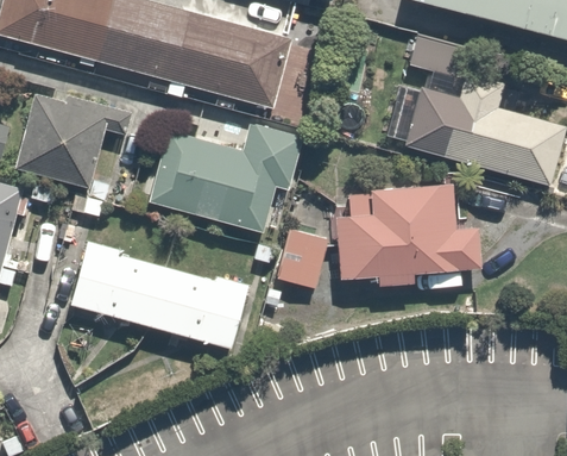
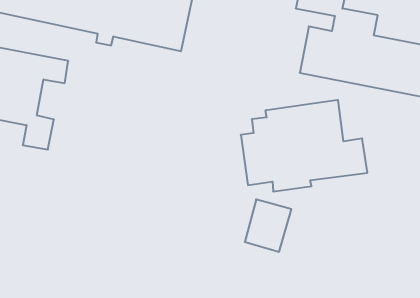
building: [149,121,307,239] -> none
building: [276,226,334,291] -> [245,199,291,252]
building: [69,241,248,348] -> none

